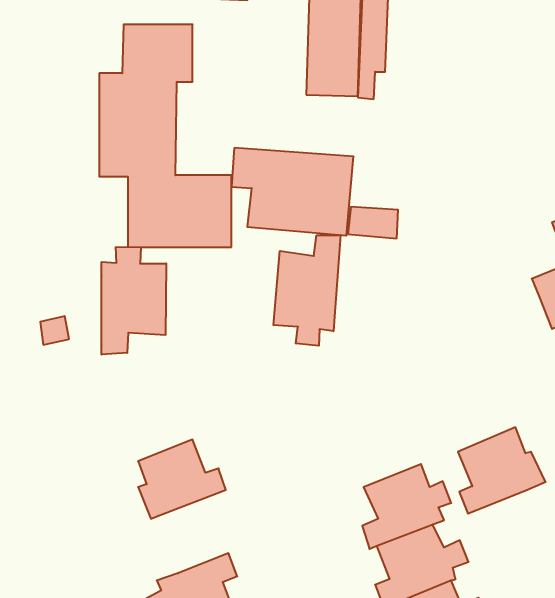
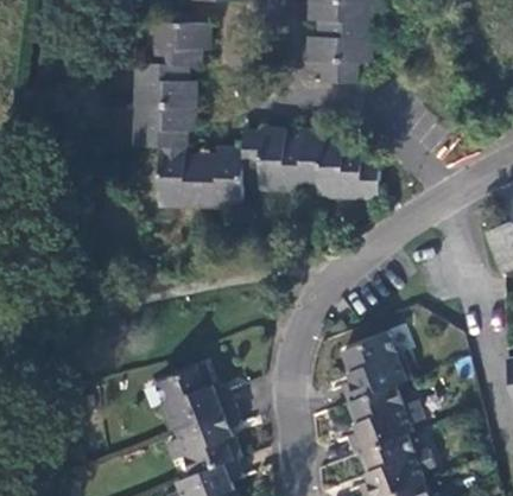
building: [274,235,340,346] -> none
building: [102,247,166,355] -> none
building: [458,427,546,514] -> [341,332,413,403]
building: none -> [169,406,242,475]

